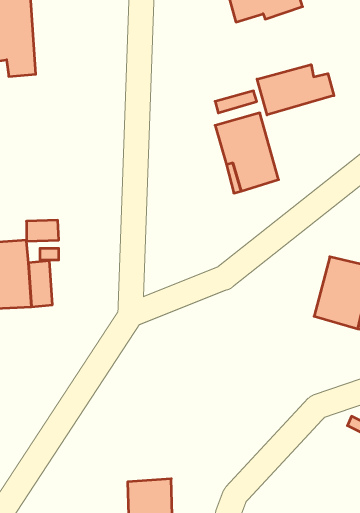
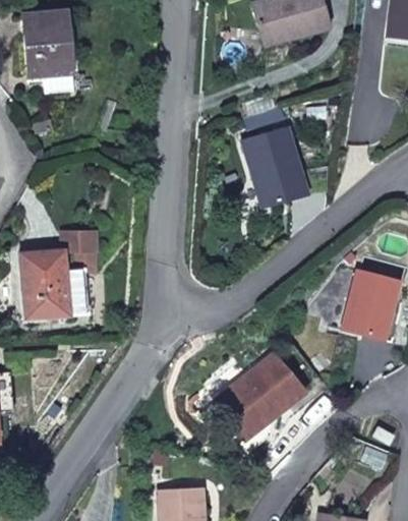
building: [257,65,334,115] -> none
building: none -> [218,353,306,430]

